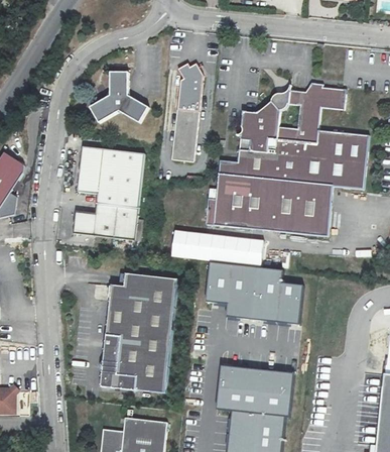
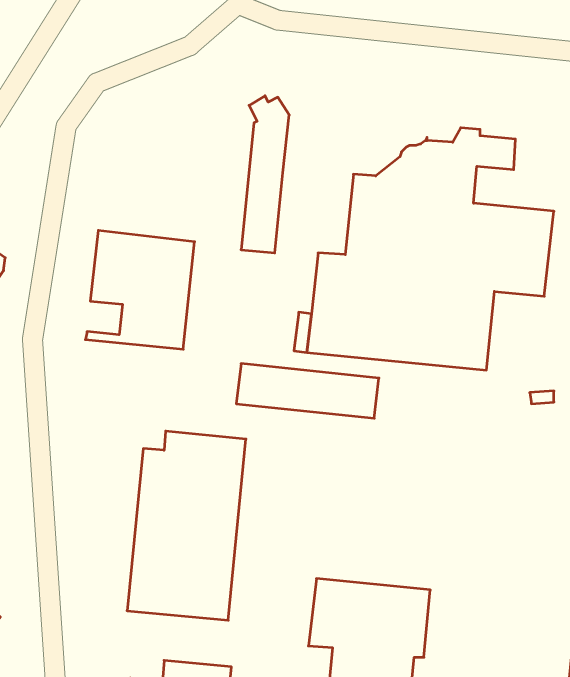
building: [90,71,148,122] -> none
building: [74,215,136,238] -> none
building: [205,263,299,321] -> none

